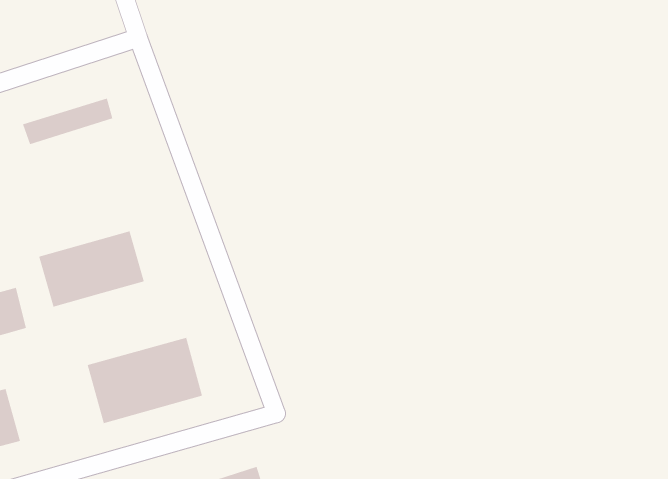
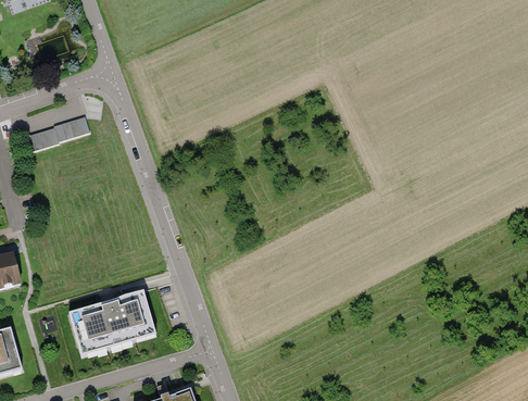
building: [38,231,145,308] -> none

